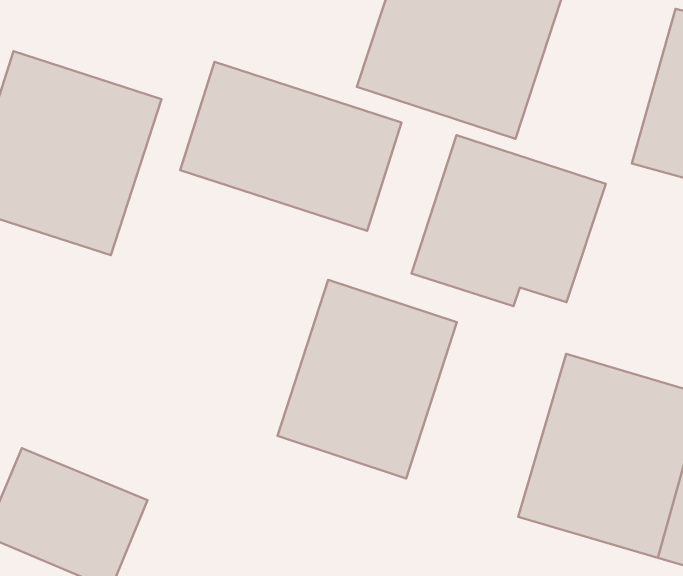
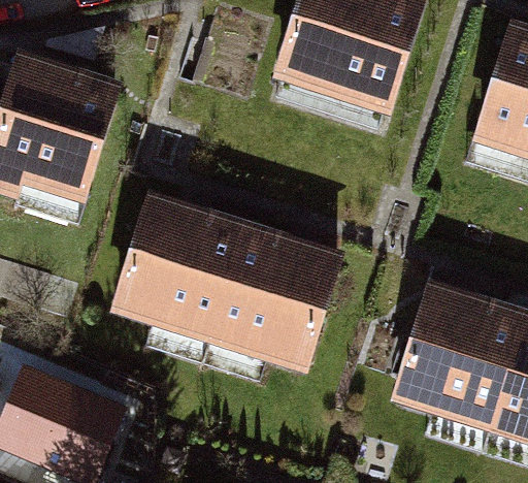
building: [180,62,401,231] -> none
building: [412,135,606,306] -> none
building: none -> [110,199,249,350]

